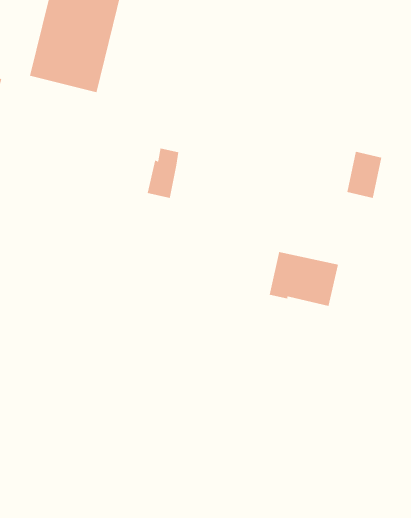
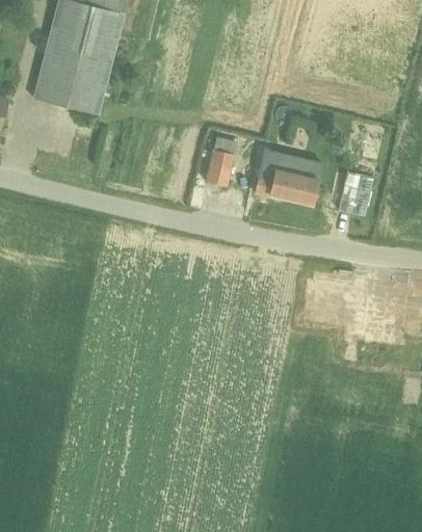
building: [147,148,179,199] -> [205,137,236,186]
building: [269,252,339,307] -> [255,151,322,204]

